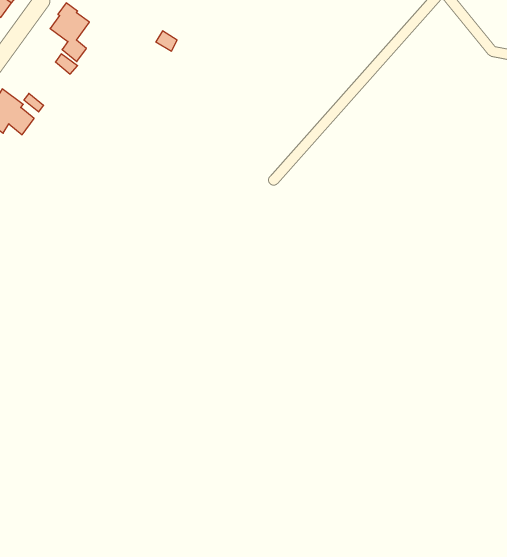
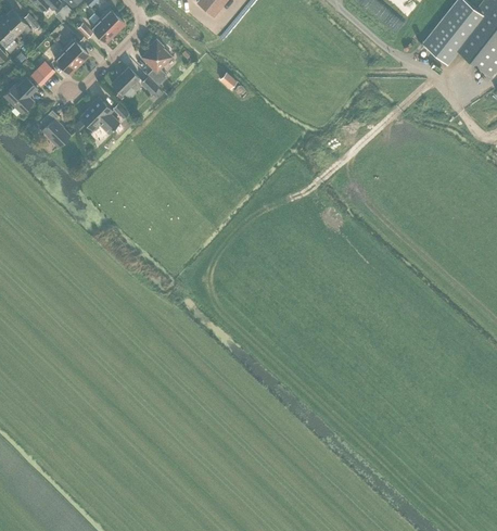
building: none -> [112,67,139,98]

